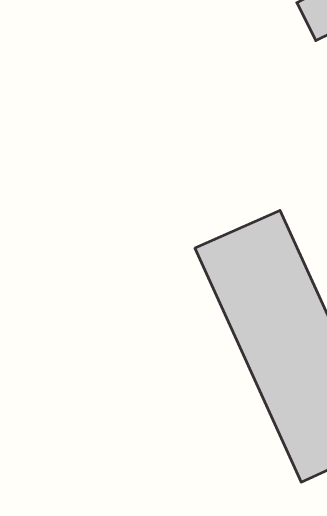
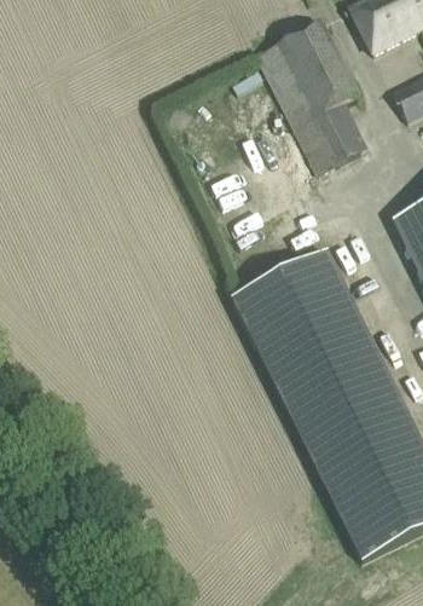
building: none -> [256,21,366,172]

